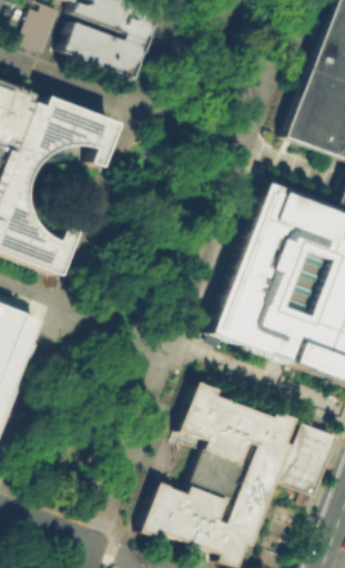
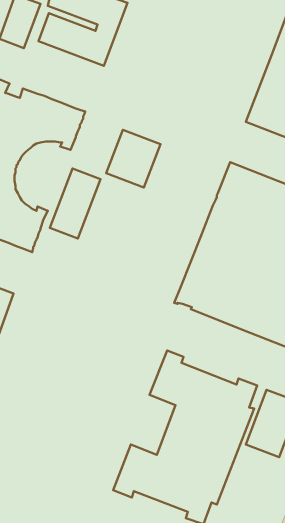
building: none -> [106,130,160,187]
building: none -> [50,169,101,239]

